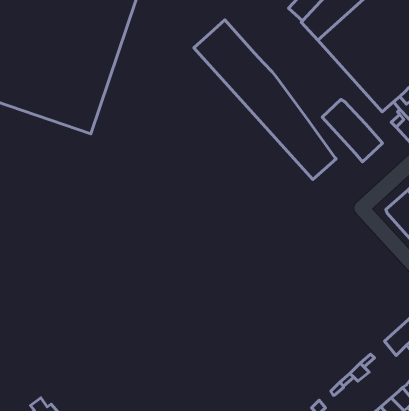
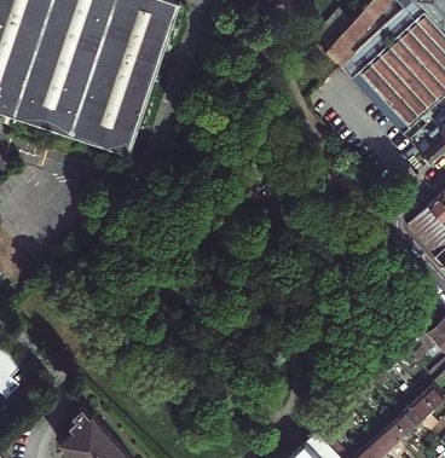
building: [194,20,336,180] -> none
building: [322,100,382,162] -> none

